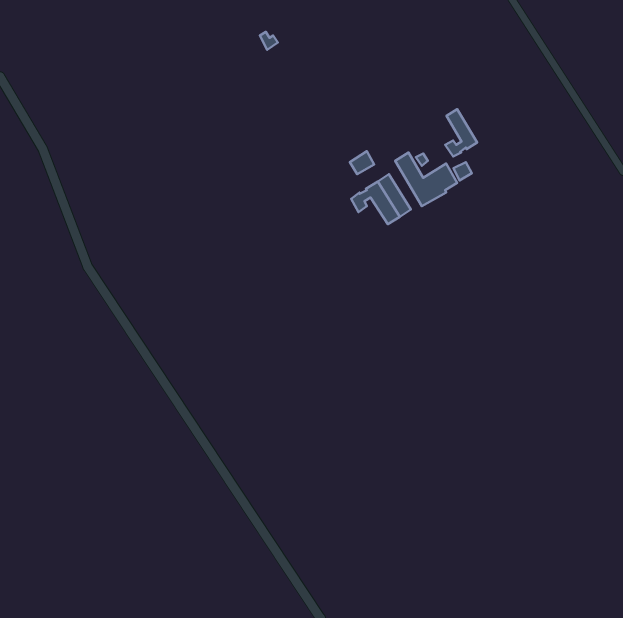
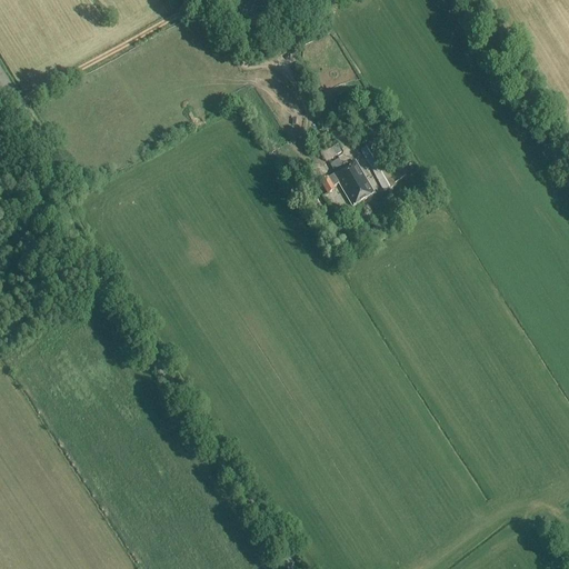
building: [445,109,477,157] -> none

